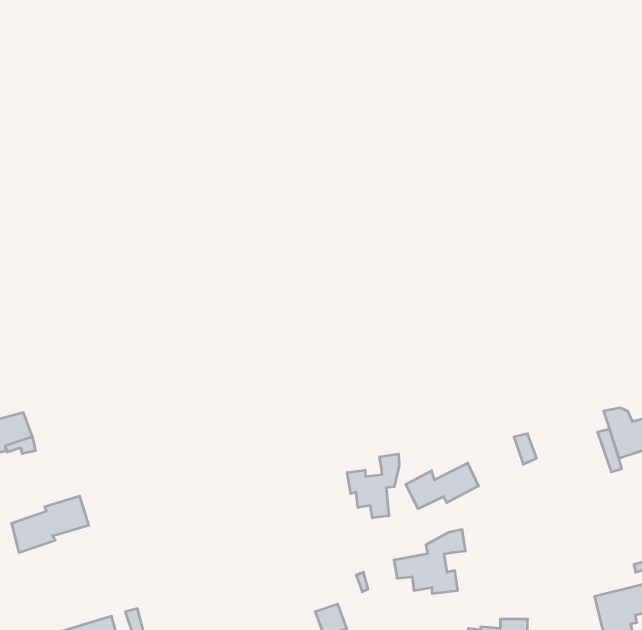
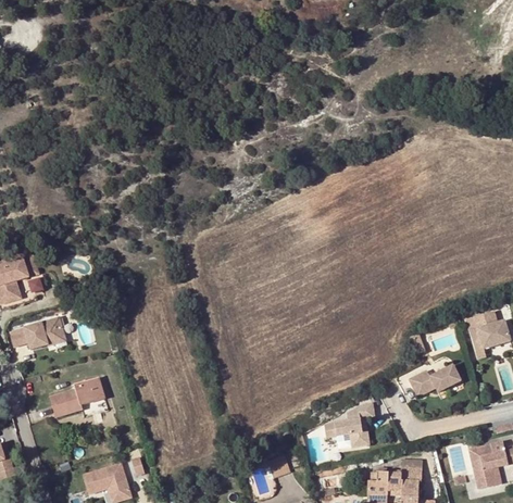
building: [347,454,399,518] -> none
building: [406,463,479,509] -> [409,363,461,395]

